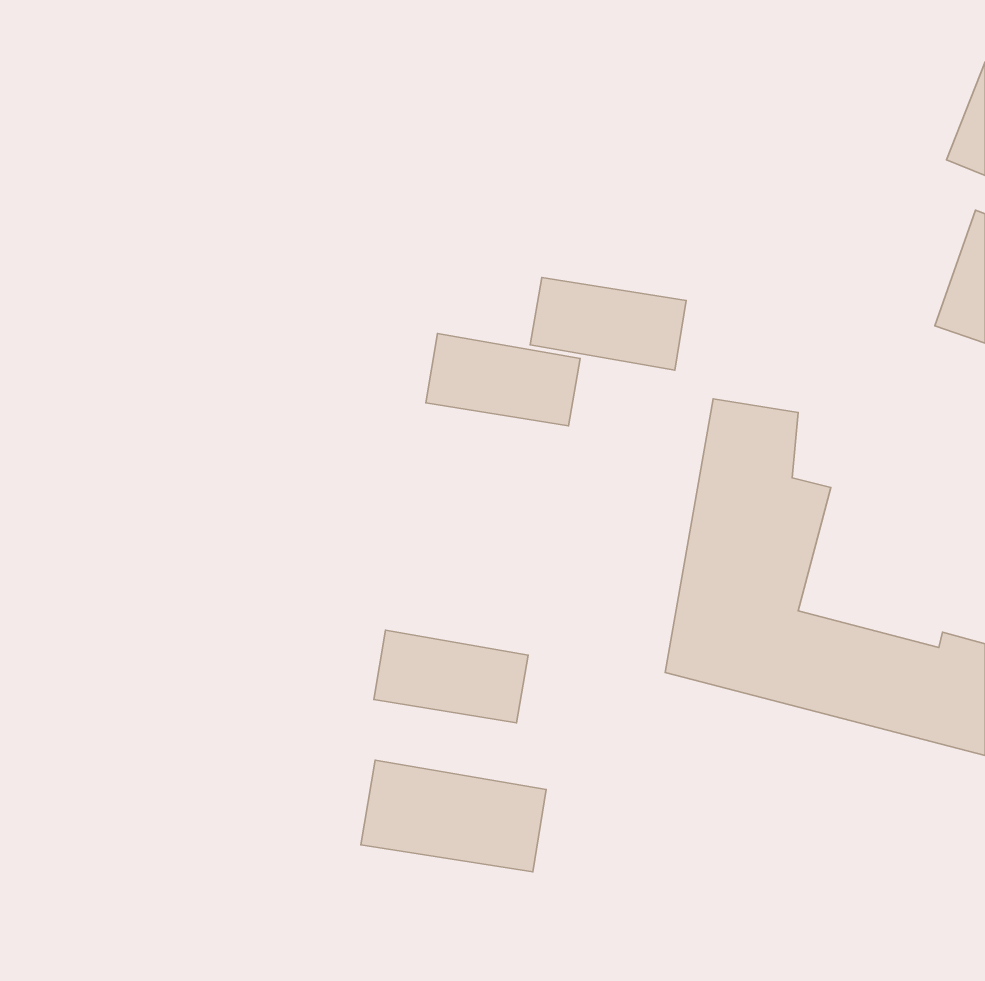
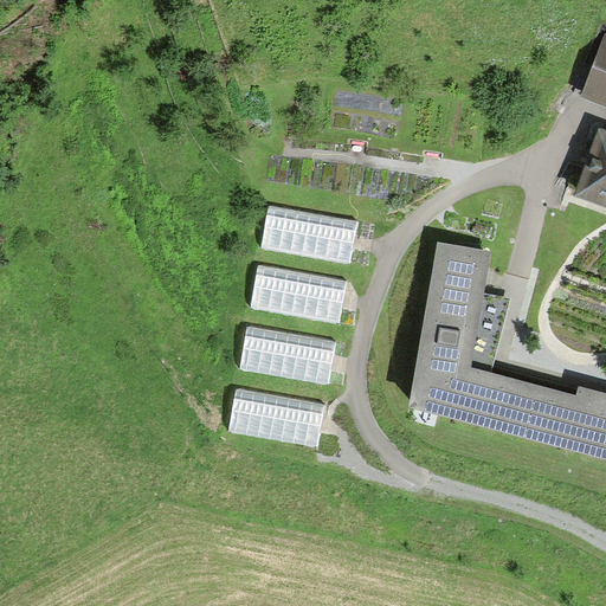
building: [530,277,686,370] -> [251,263,347,320]
building: none -> [240,325,336,382]
building: [361,760,546,872] -> none

